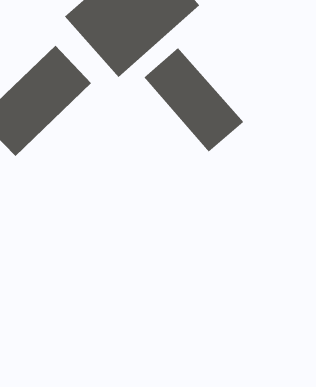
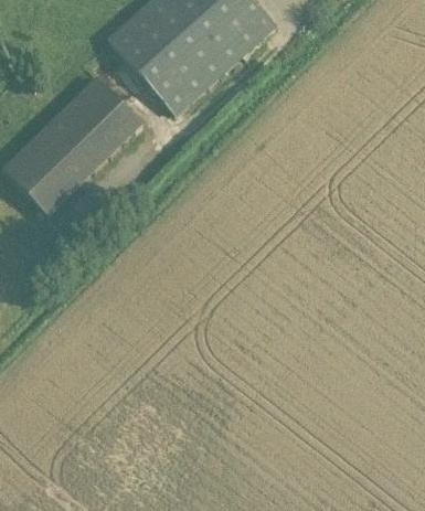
building: [143,47,244,152] -> none

